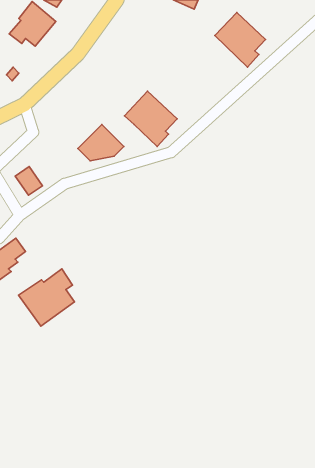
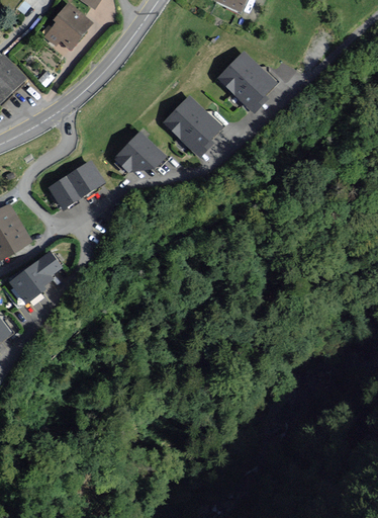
building: [215,13,265,67] -> [220,54,274,111]
building: none -> [68,161,103,196]
building: [18,269,74,326] -> none

